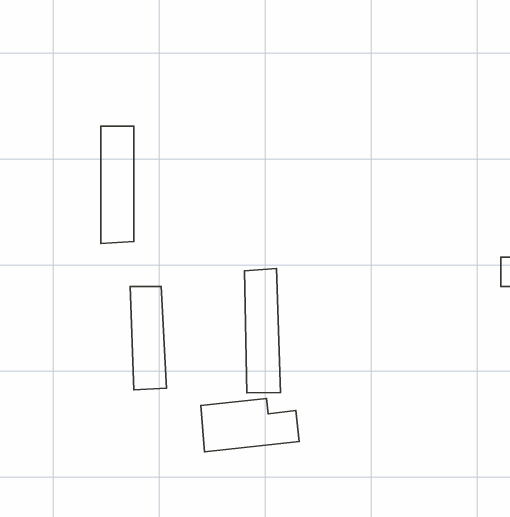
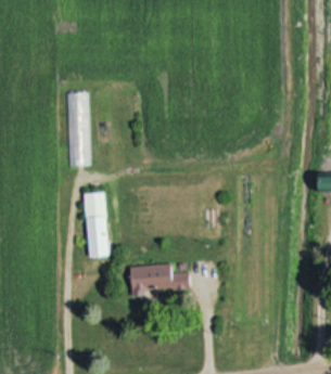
building: [245,269,280,393] -> none

